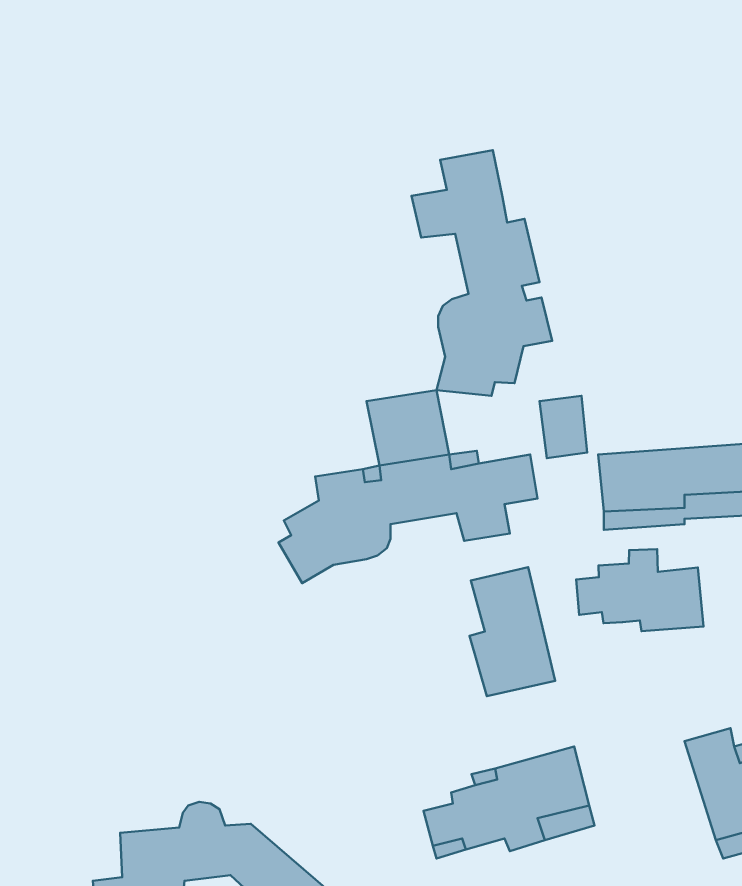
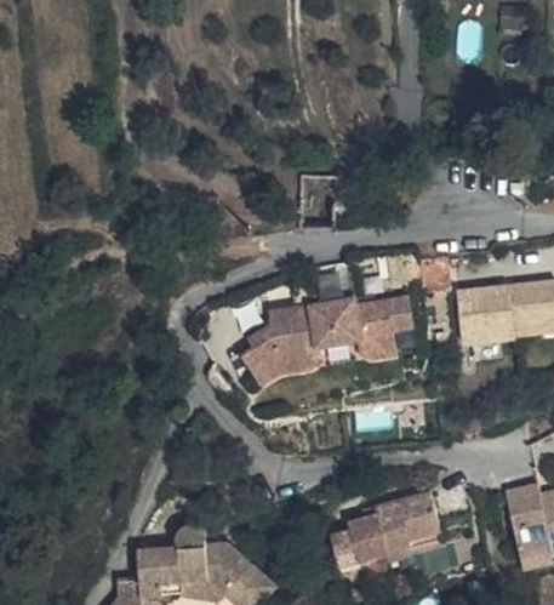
building: [411,150,552,396] -> none
building: [576,549,703,631] -> none
building: [470,567,555,696] -> none

